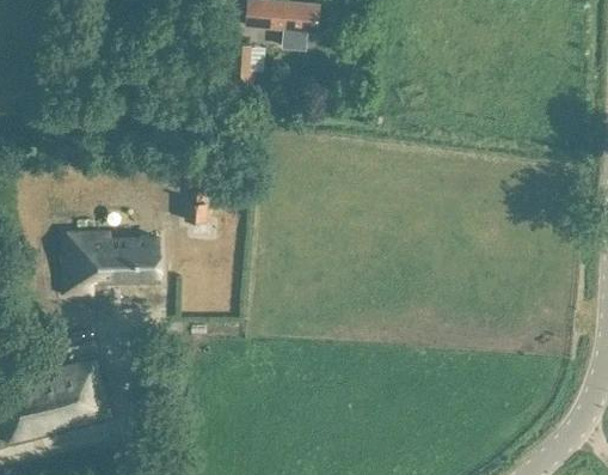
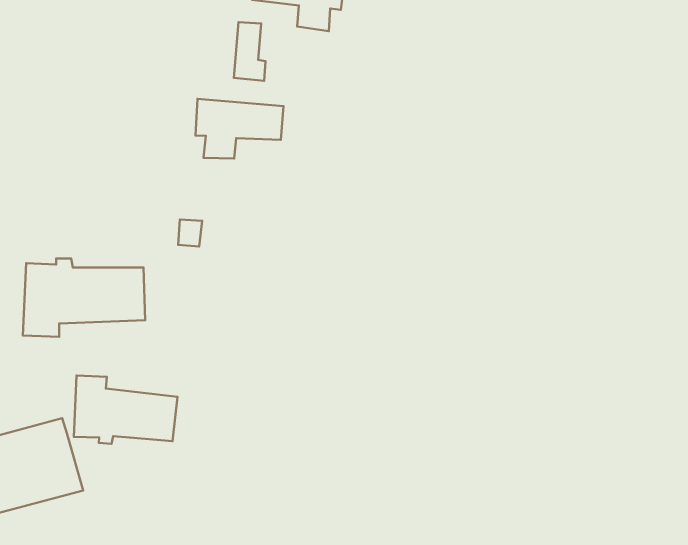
building: none -> [196,99,284,158]
building: none -> [74,376,177,444]

